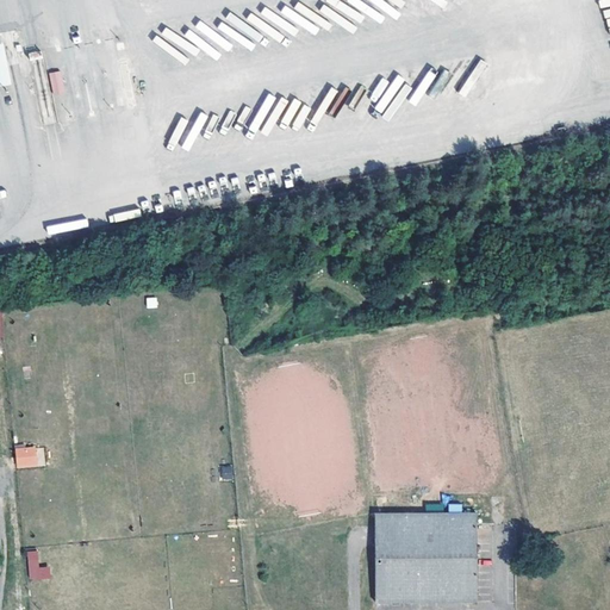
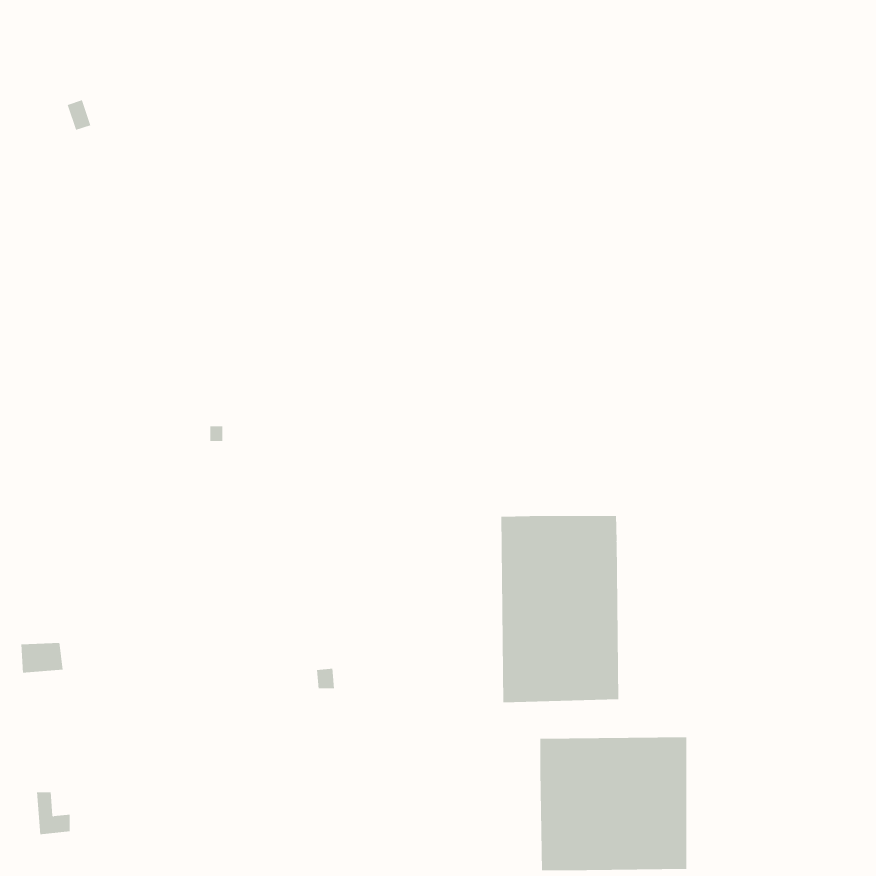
building: none -> [501,515,619,703]

